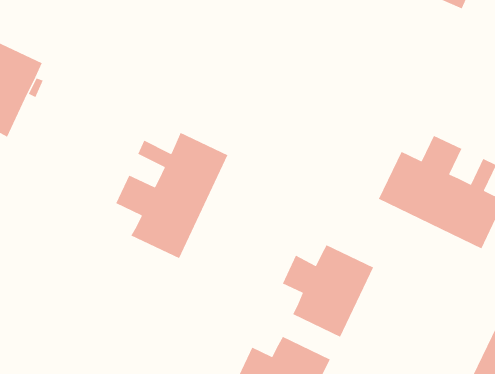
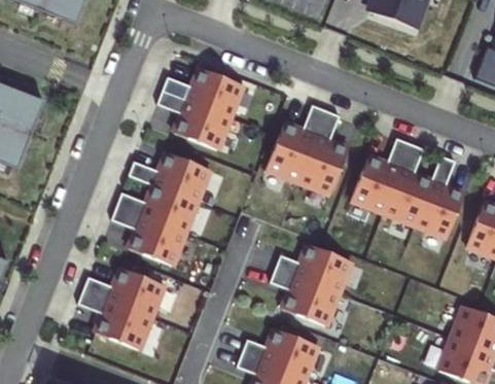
building: none -> [158,67,245,149]
building: none -> [264,105,348,195]
building: none -> [81,269,168,351]

